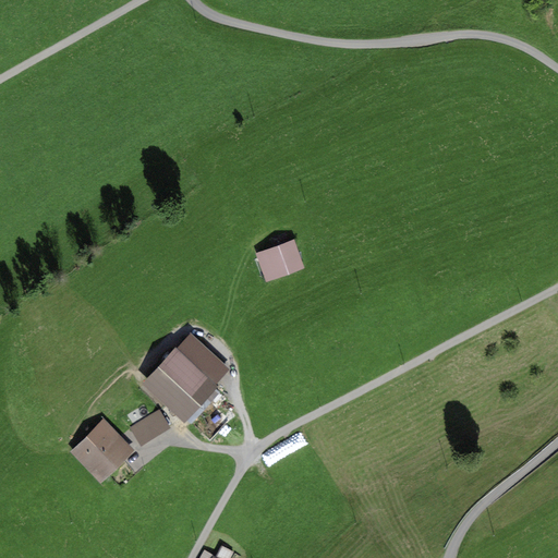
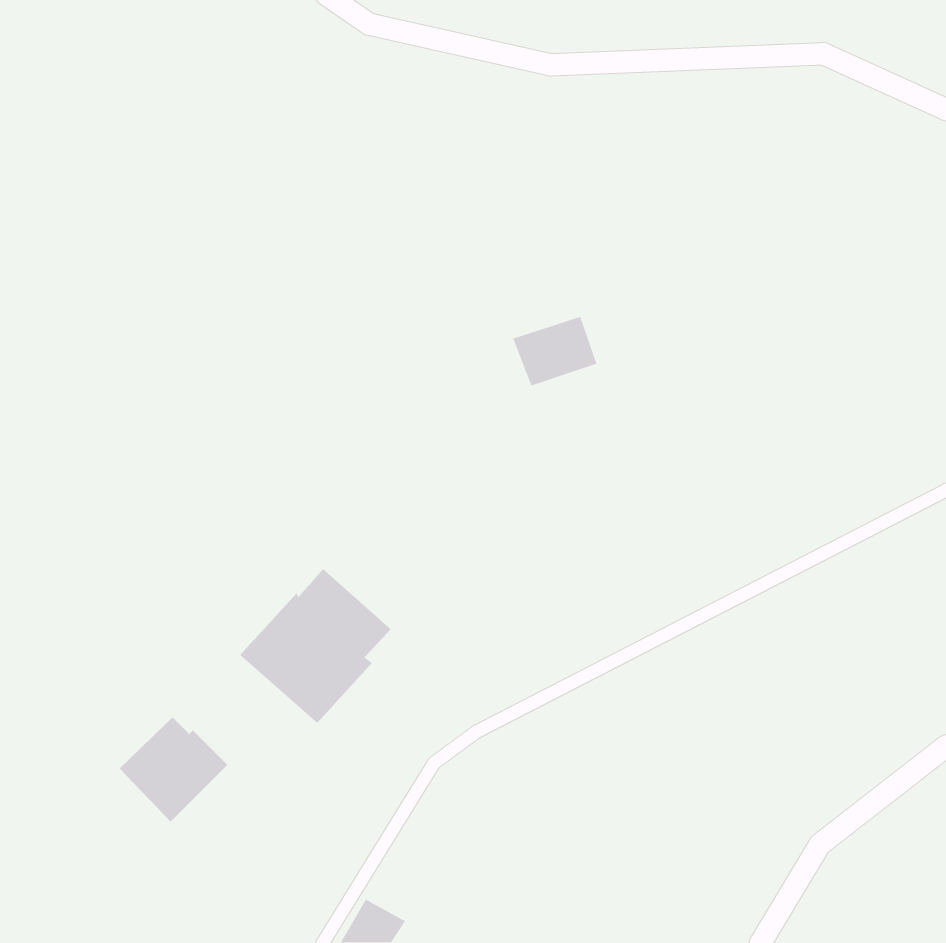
building: [255,240,305,281] -> [512,316,598,386]
building: [129,409,170,446] -> none

